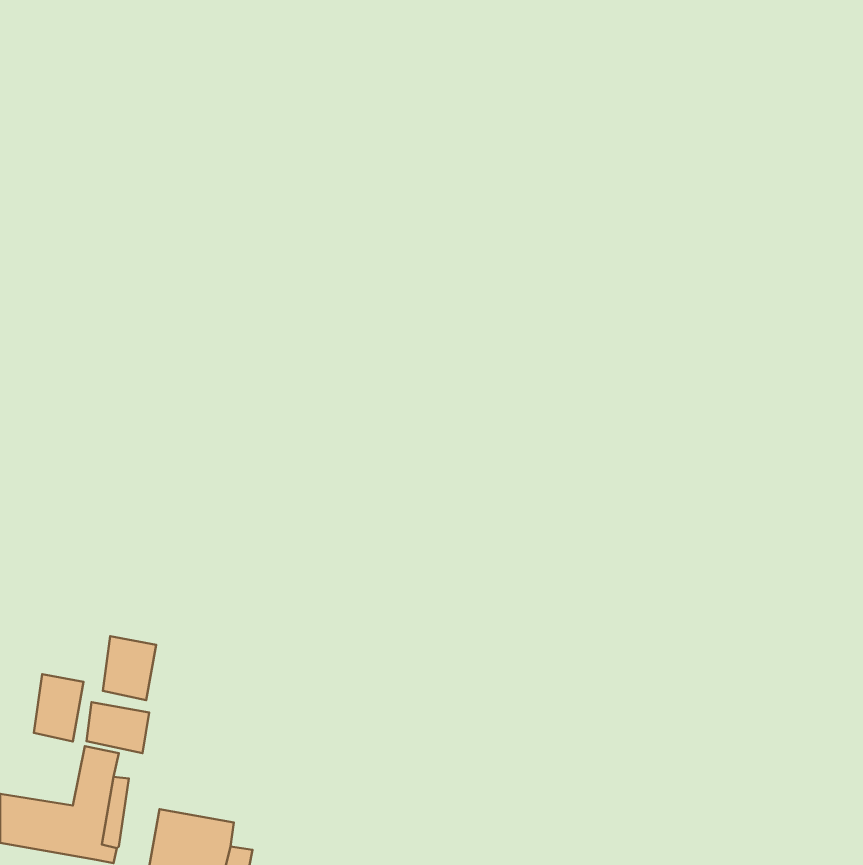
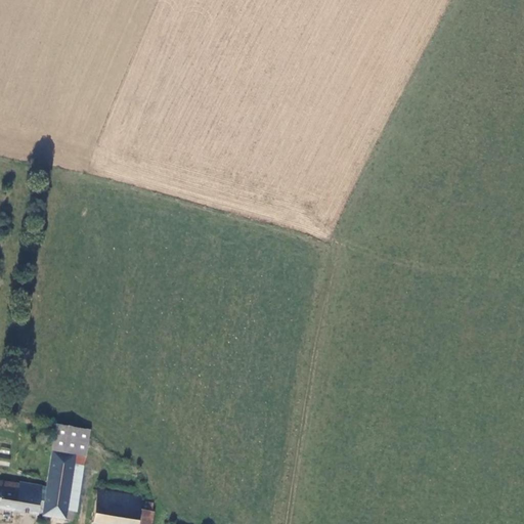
building: [103,636,156,700] -> none
building: [34,674,83,741] -> none

